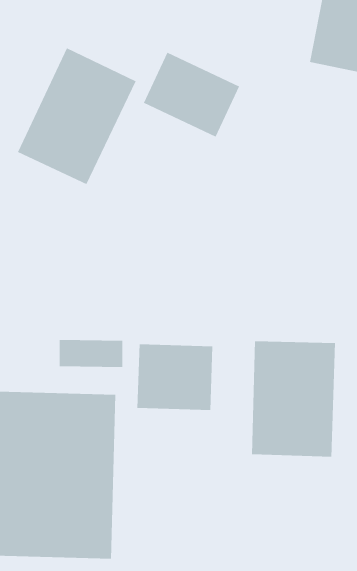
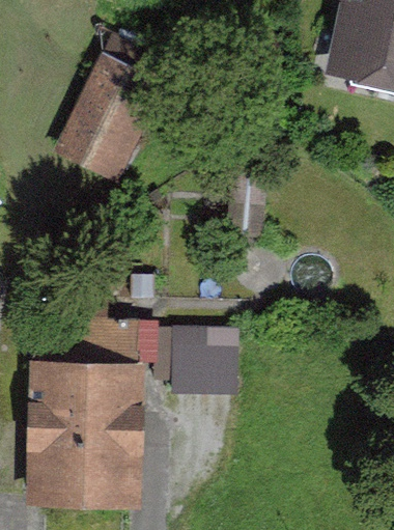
building: [143,52,240,138] -> none
building: [252,341,335,458] -> none

